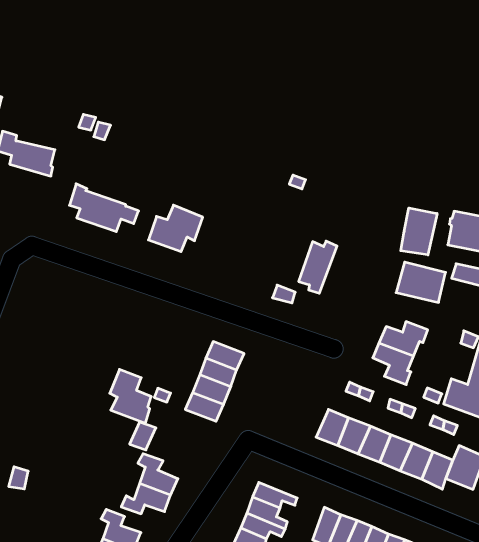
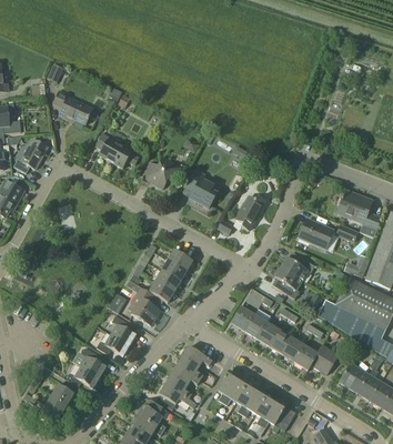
building: [401,208,437,255] -> none
building: none -> [187,170,216,208]
building: [110,369,151,423] -> [131,287,159,325]

